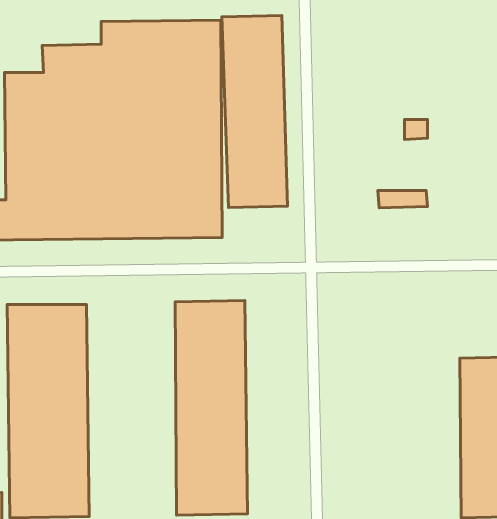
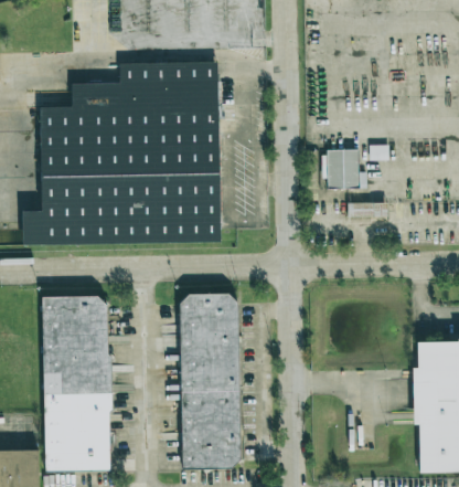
building: [222,15,287,207] -> none
building: none -> [321,149,366,188]

